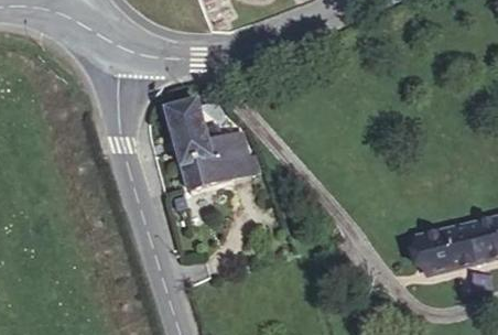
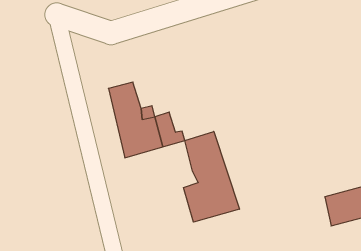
building: none -> [184,131,239,222]

